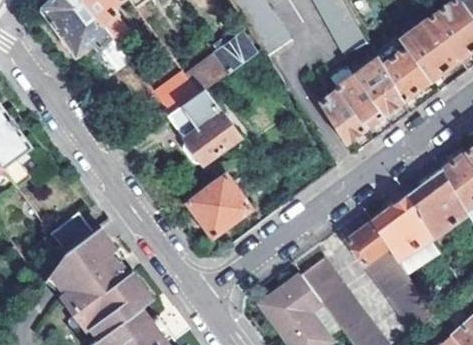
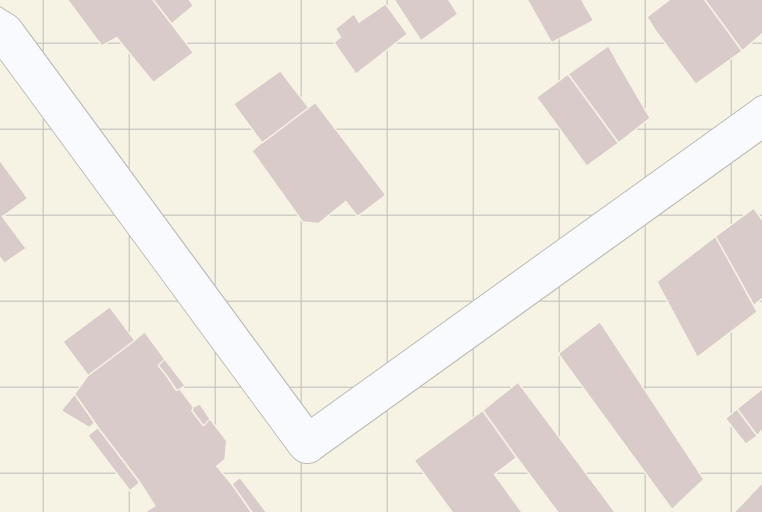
building: [382,47,429,99] -> none
building: [184,54,226,93] -> none
building: [320,82,364,141] -> none
building: [186,173,250,235] -> none
building: [372,197,440,277] -> none

